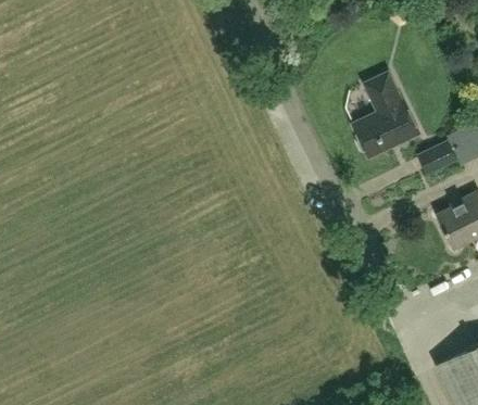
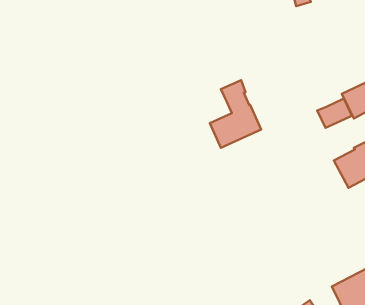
building: [352,80,413,161] -> [210,80,261,148]

